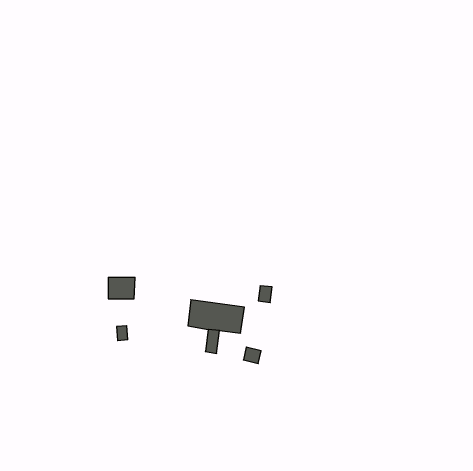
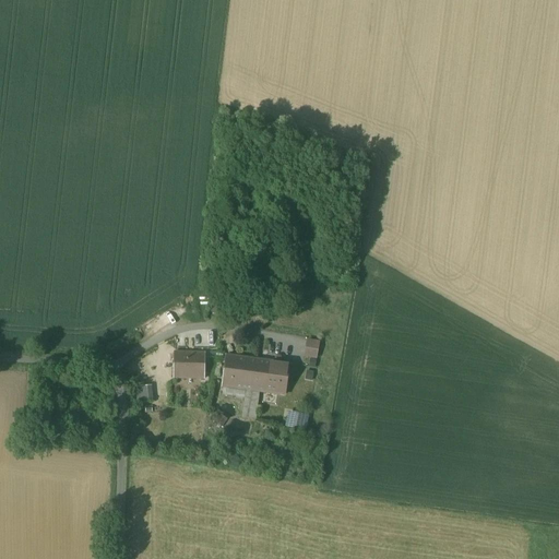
building: [108,277,135,299] -> [174,352,205,377]

